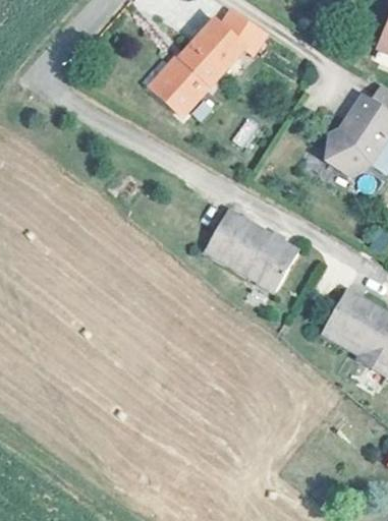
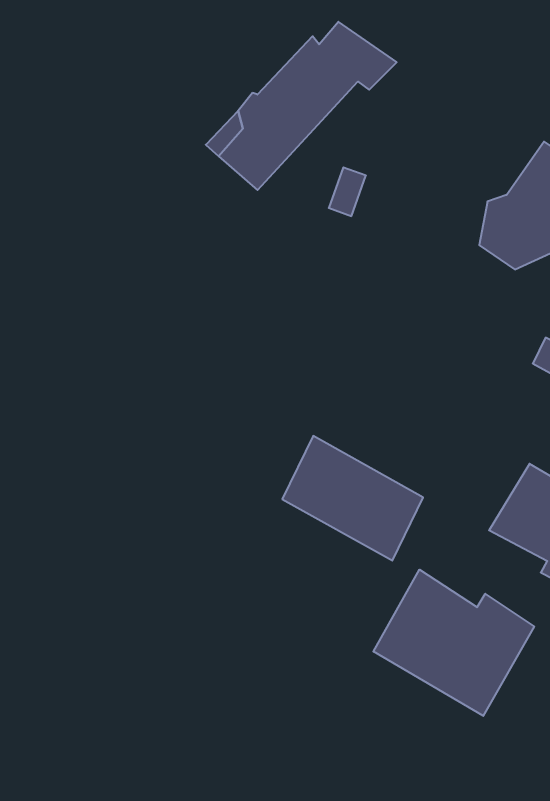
building: [210,213,298,291] -> [282,436,423,561]
building: none -> [373,570,534,716]

